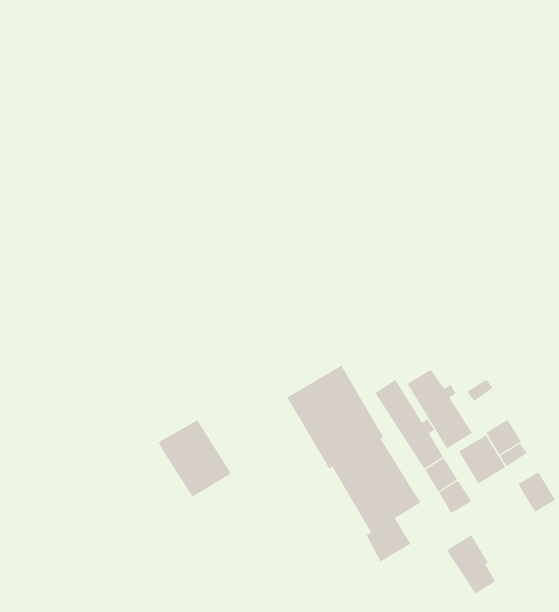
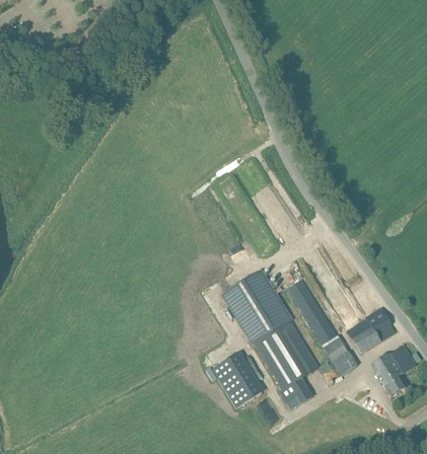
building: [407,369,473,449] -> none
building: [158,420,232,498] -> [210,352,263,407]
building: [446,535,496,594] -> [369,354,405,396]

